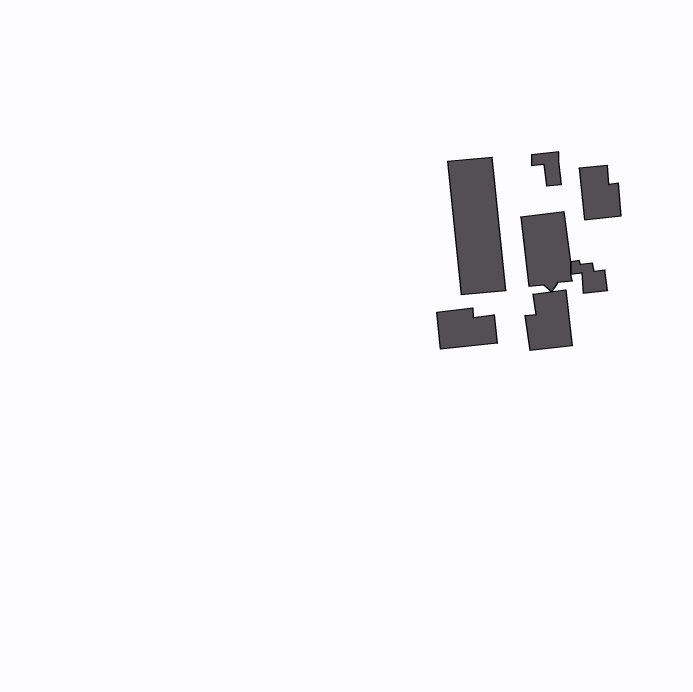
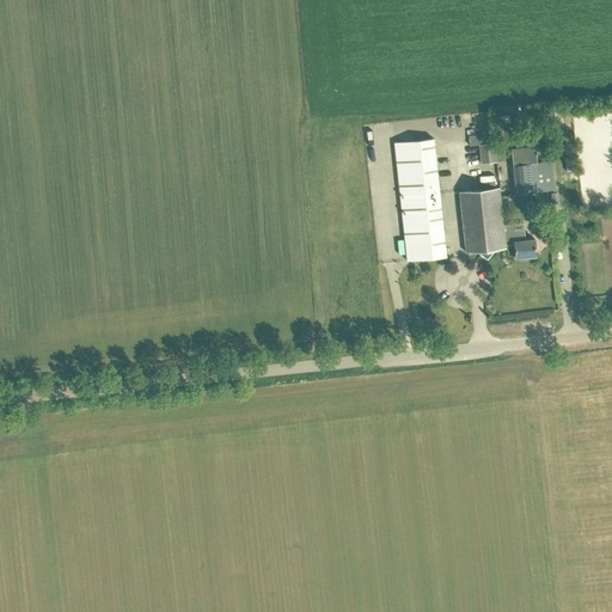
building: [525,290,572,350] -> none
building: [437,308,497,349] -> none

